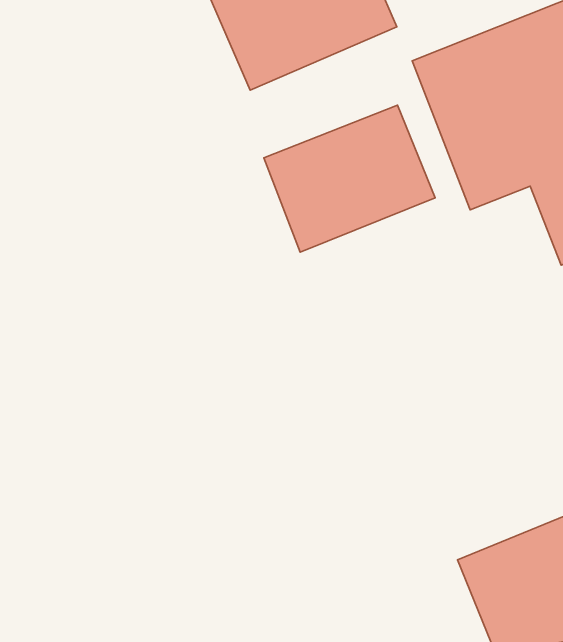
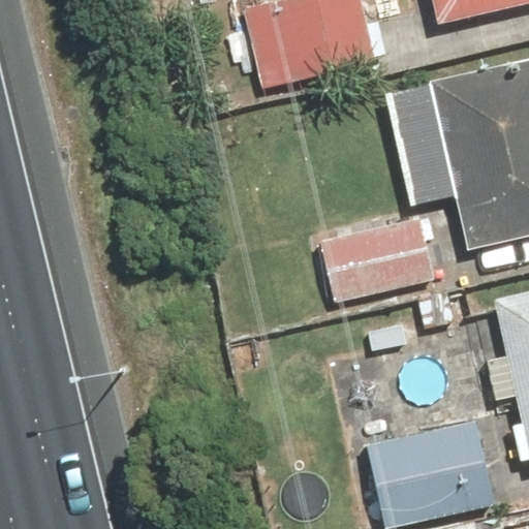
building: [264,105,435,252] -> [318,211,436,305]

